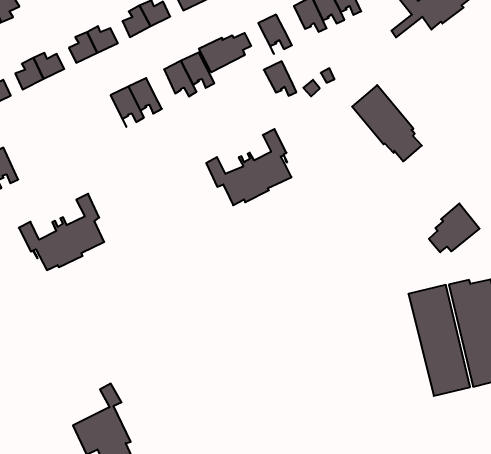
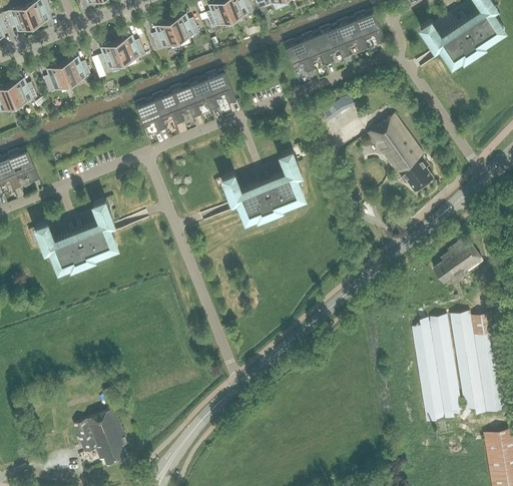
building: [199,33,251,72] -> none
building: [264,61,296,96] -> [302,32,332,66]
building: none -> [170,84,200,119]

